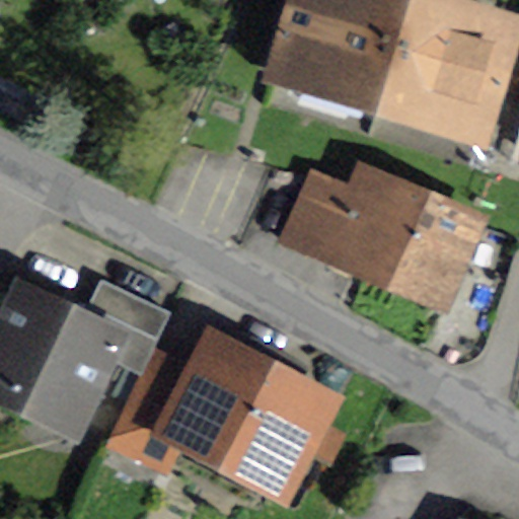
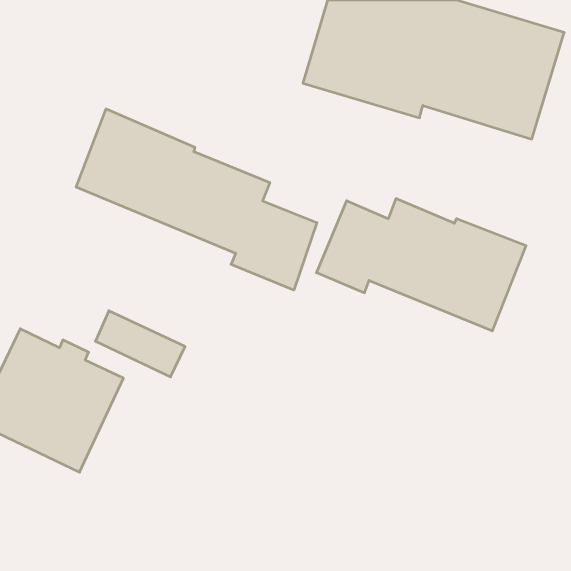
building: none -> [76,109,317,290]
building: [97,336,313,490] -> none

